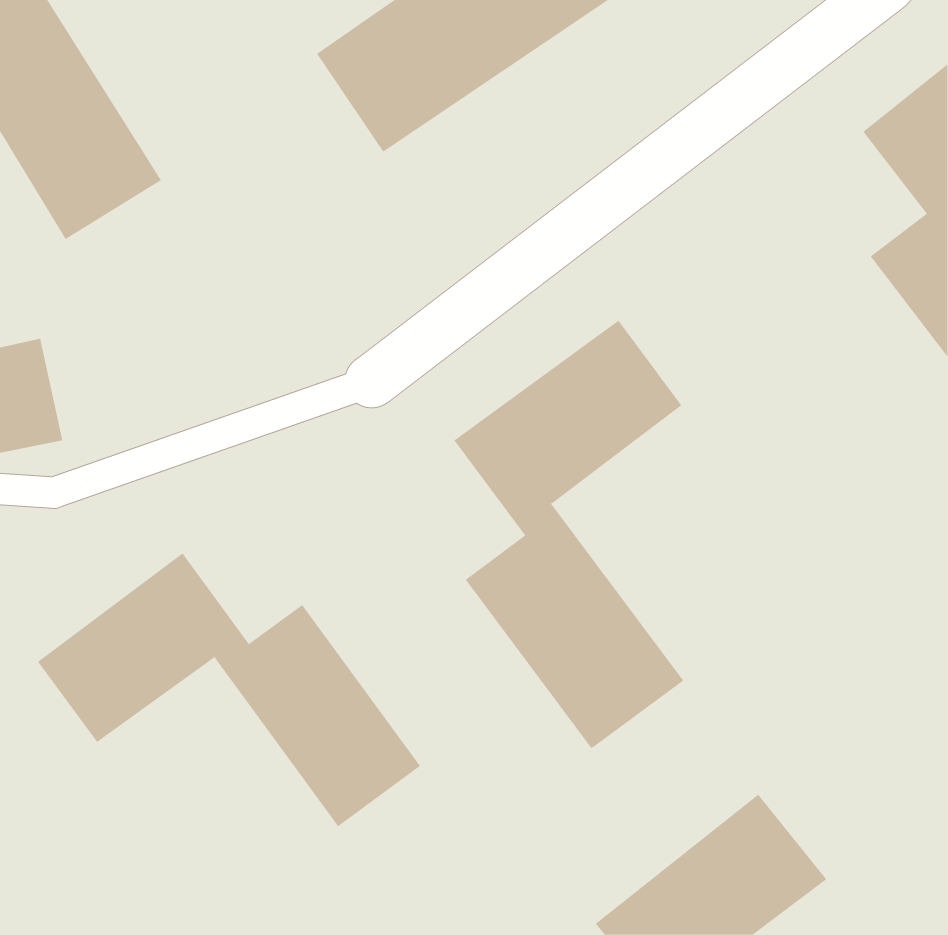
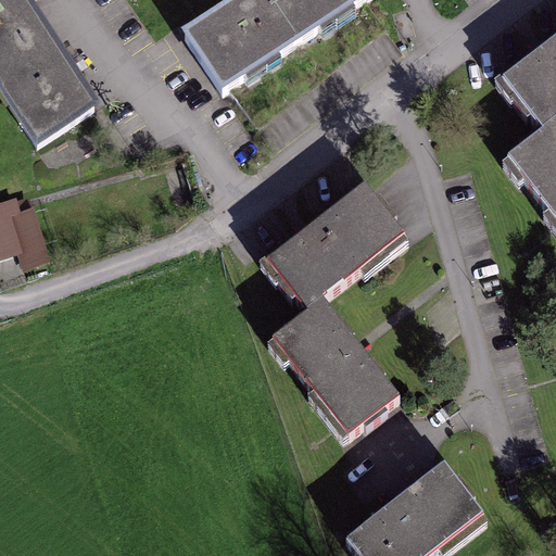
building: [37,553,421,827] -> none

